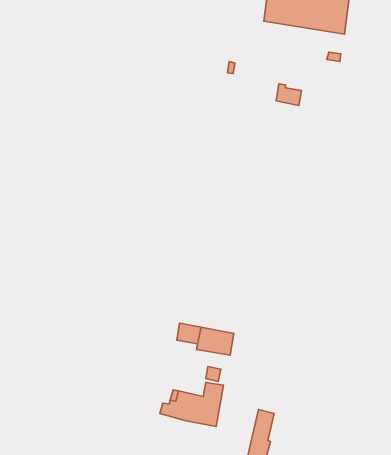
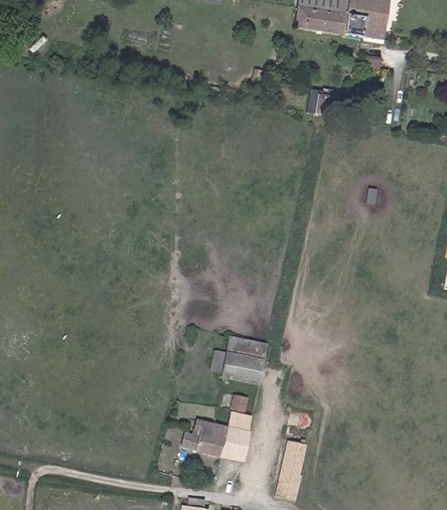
building: none -> [228,336,266,359]

